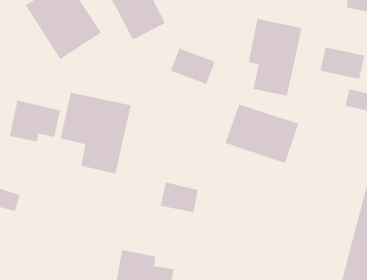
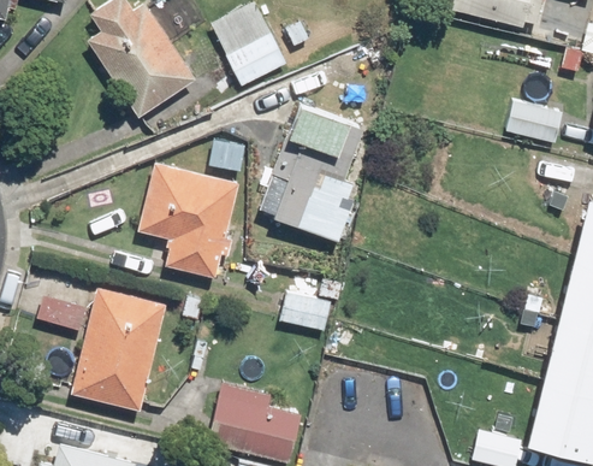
building: [248,18,302,97] -> none
building: [9,100,60,142] -> none
building: [225,104,299,164] -> [260,154,364,238]
building: none -> [76,287,168,409]

